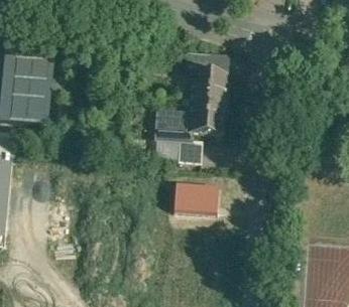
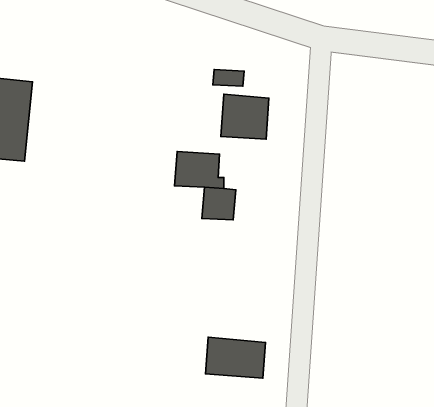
building: [189,102,224,134] -> none
building: [172,183,217,213] -> [205,337,265,378]

